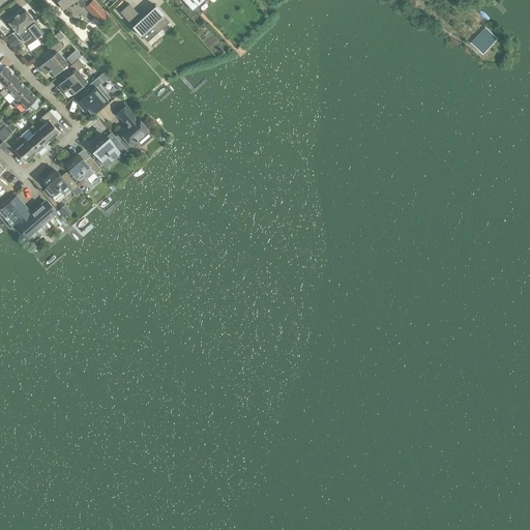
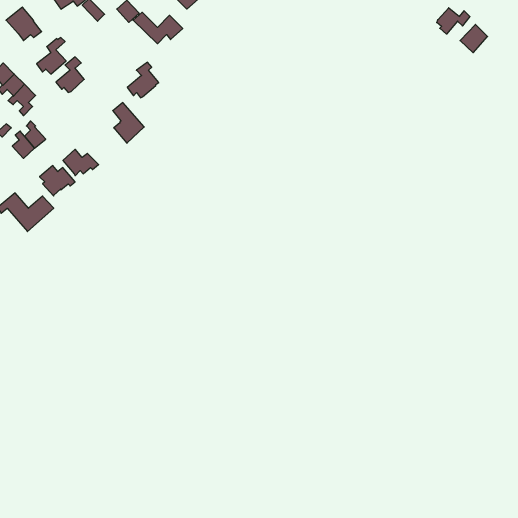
building: none -> [437,8,470,34]
building: [77,76,109,112] -> [127,62,159,98]
building: [35,110,58,142] -> none
building: [89,134,125,159] -> none

